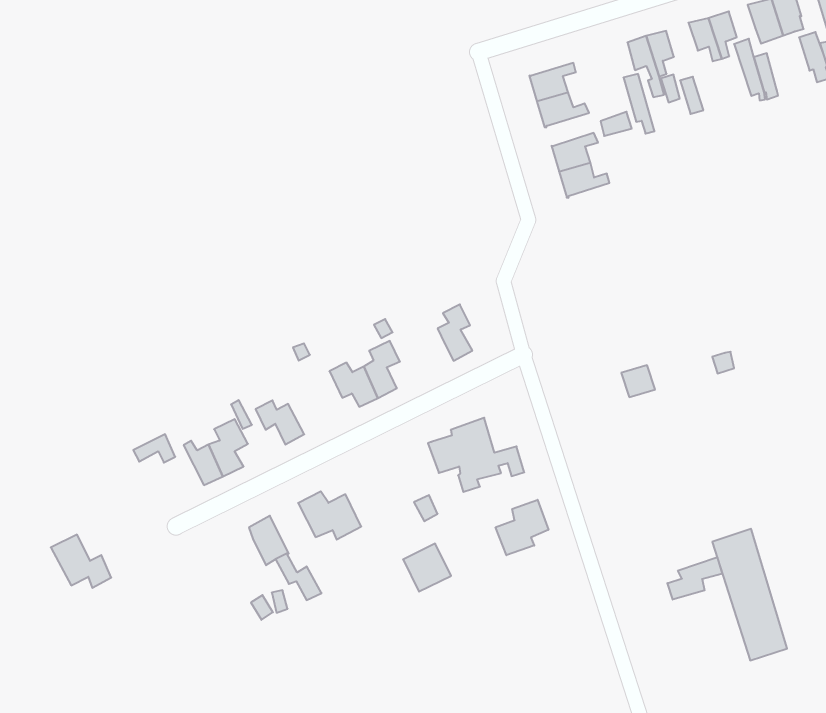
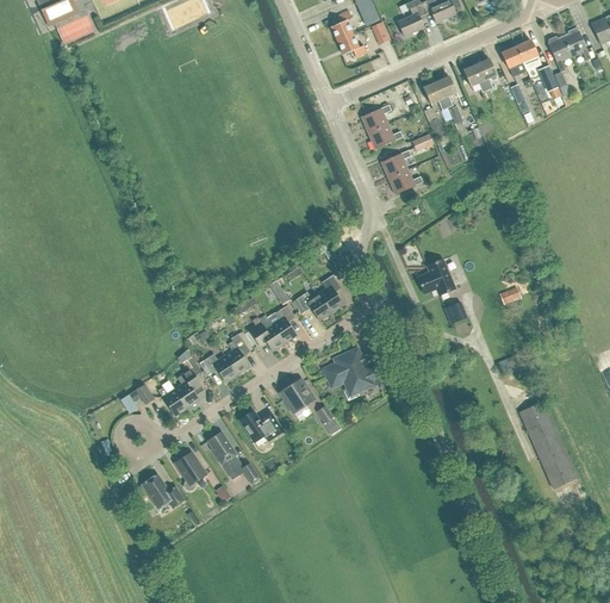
building: none -> [418,257,455,294]
building: none -> [293,291,332,319]
building: none -> [225,332,250,373]
building: [496,500,548,555] -> none
building: [51,535,111,588] -> [142,473,185,508]
building: none -> [175,450,207,489]
building: [403,544,451,592] -> [281,378,315,411]
building: [667,557,722,600] -> none

